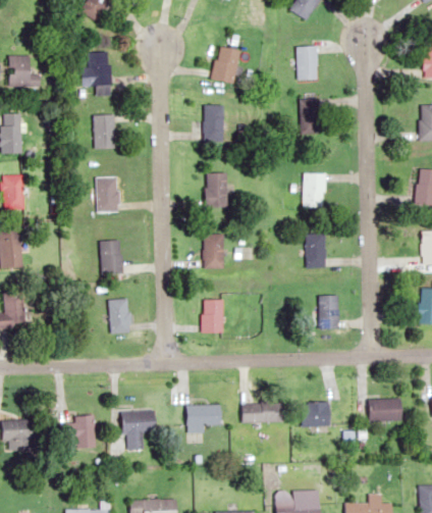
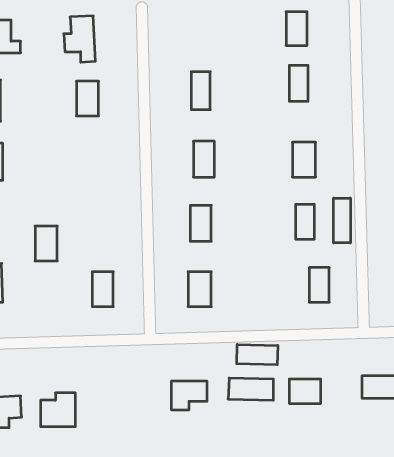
building: [215,47,239,82] -> none
building: [98,177,118,211] -> none
building: none -> [334,198,350,243]
building: [101,241,122,274] -> [35,226,57,261]
building: none -> [237,344,278,365]
building: [122,410,154,450] -> none

